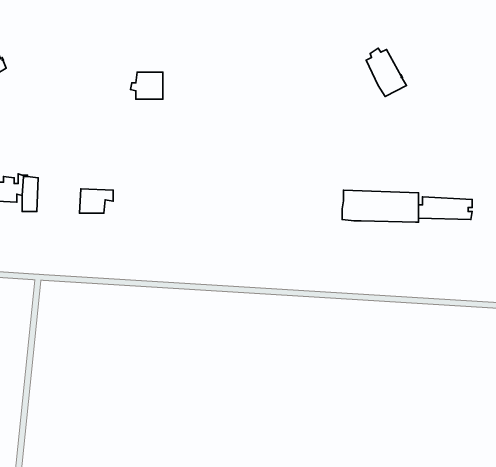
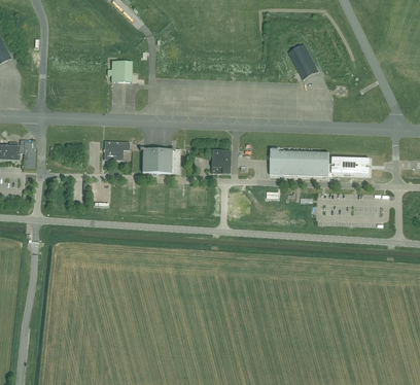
building: none -> [140,147,180,173]
building: none -> [211,149,231,173]
building: [80,189,113,213] -> [104,141,130,160]

